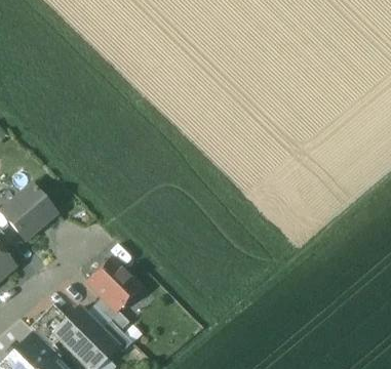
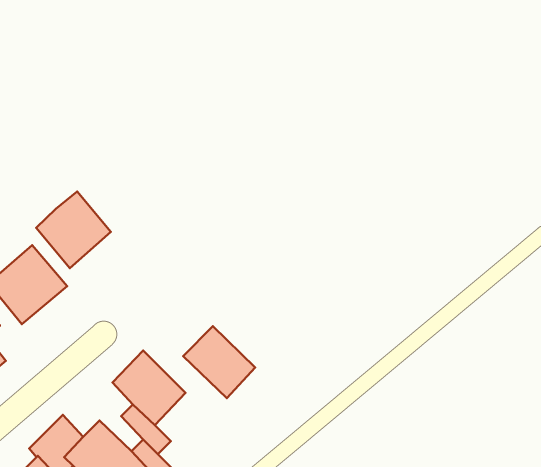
building: none -> [36,192,111,268]
building: none -> [183,326,255,398]

